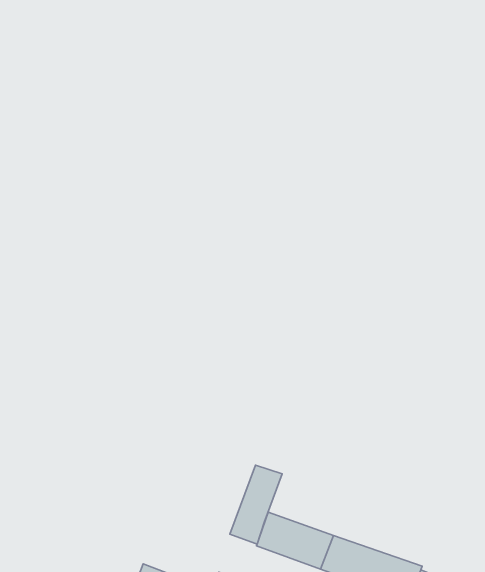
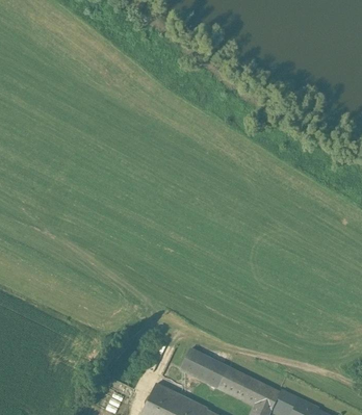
building: [230,465,282,544] -> none

